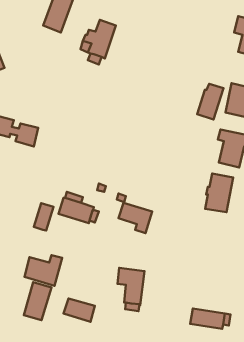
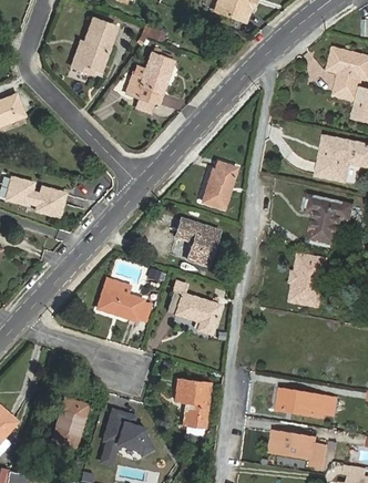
building: [197,84,223,119] -> [202,161,236,207]
building: none -> [175,217,218,265]
building: [34,203,54,231] -> none
building: [24,255,62,286] -> none
building: none -> [276,389,335,417]

